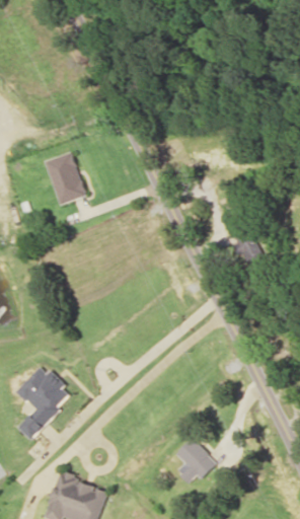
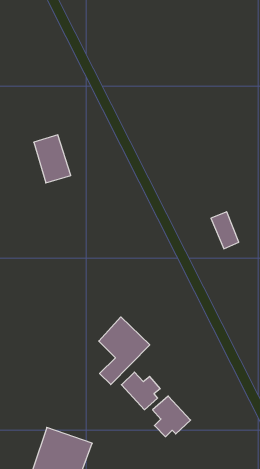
building: [17,365,73,439] -> [99,317,150,385]
building: none -> [121,372,160,410]

